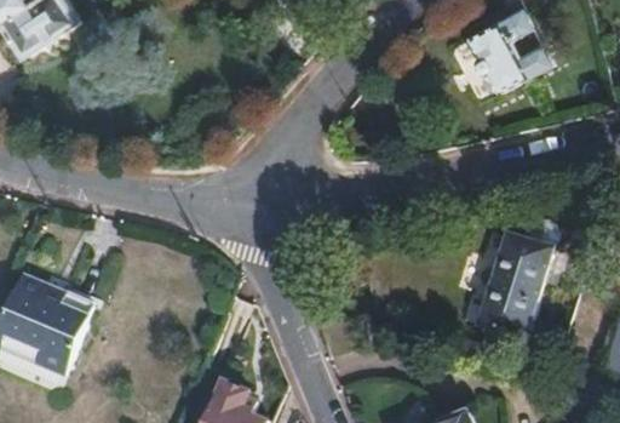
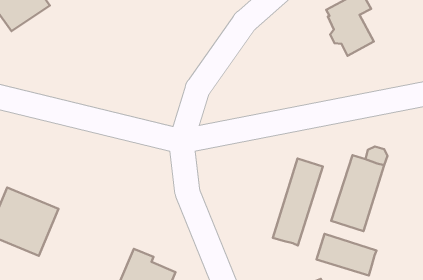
building: none -> [273,159,323,245]
building: none -> [316,234,377,275]

